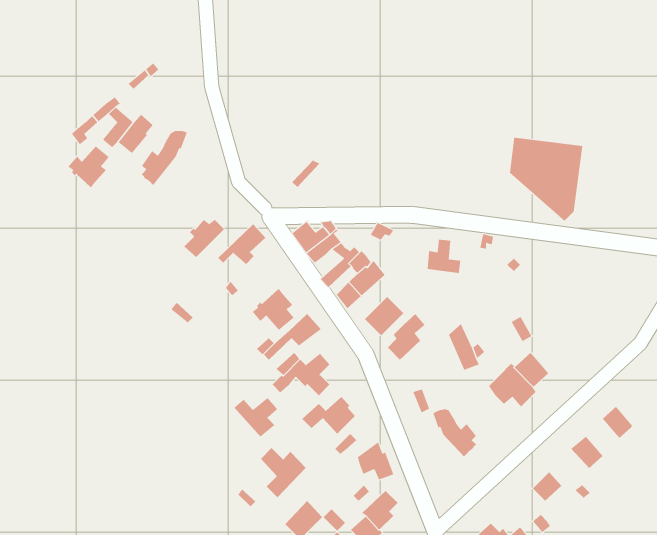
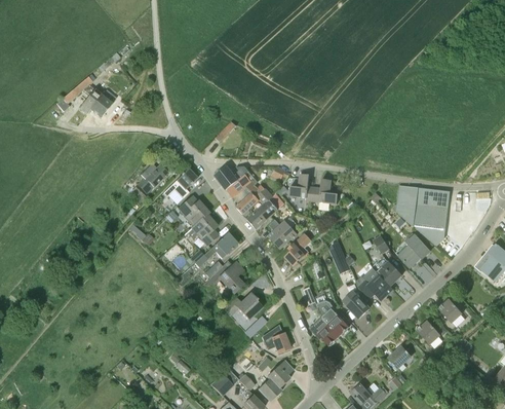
building: [141,130,188,186] -> none
building: [509,137,583,221] -> [396,185,450,246]
building: [68,145,110,188] -> none
building: none -> [288,174,313,200]
building: none -> [179,195,208,225]
building: none -> [399,235,430,267]
building: none -> [343,291,370,318]
building: [233,397,278,437] -> none
building: none -> [309,314,340,345]
building: [260,447,307,498] -> none

